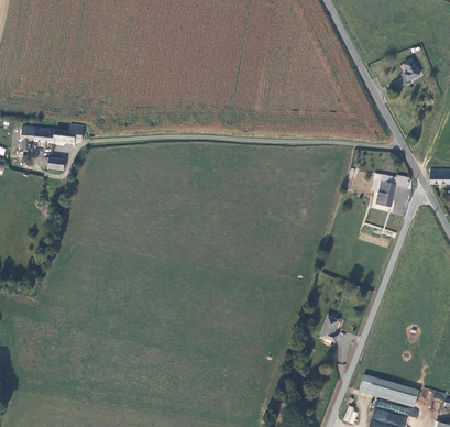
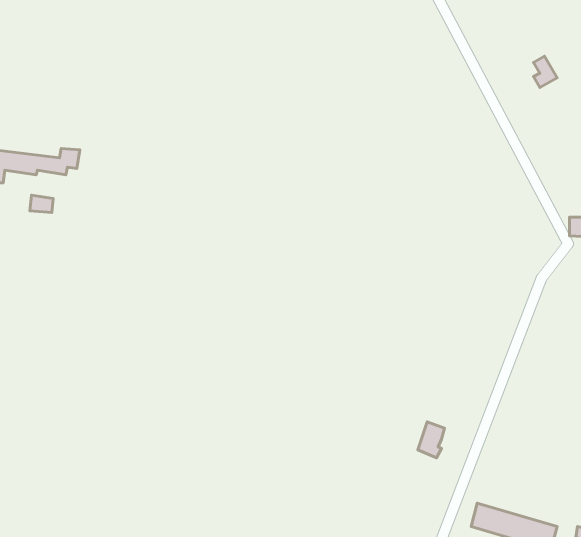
building: [376,175,409,207] -> none

